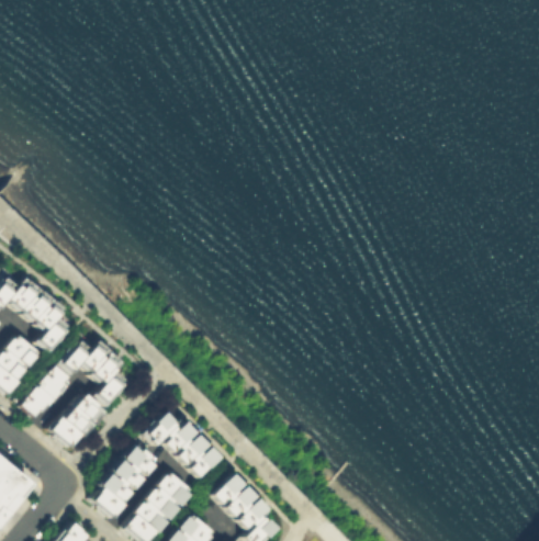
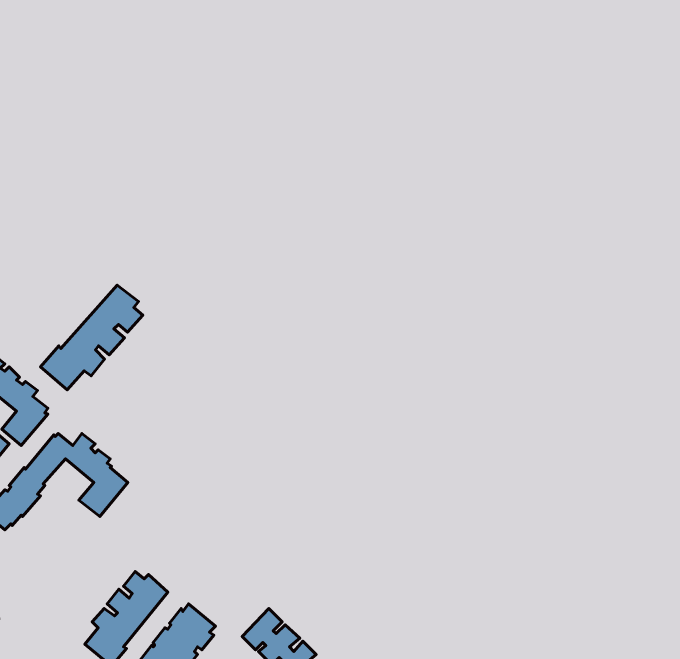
building: none -> [41,285,143,390]
building: [53,394,106,447] -> none
building: [145,413,217,477] -> none

